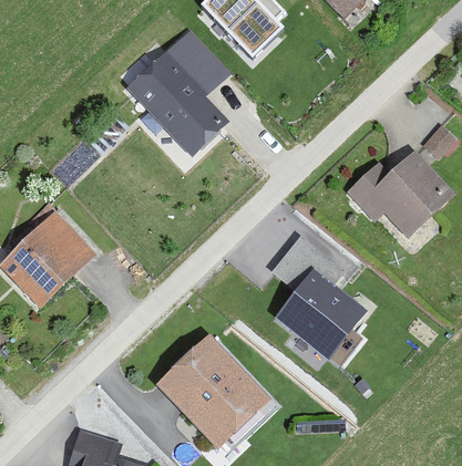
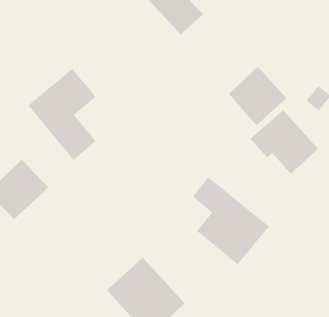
building: [133,35,225,158] -> [27,68,97,161]
building: none -> [228,66,287,126]

